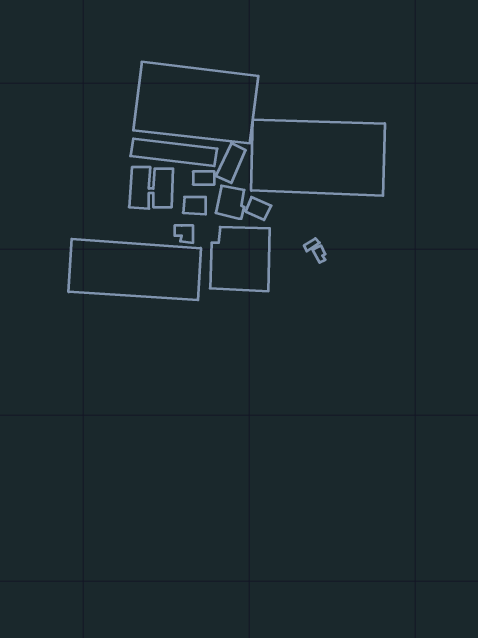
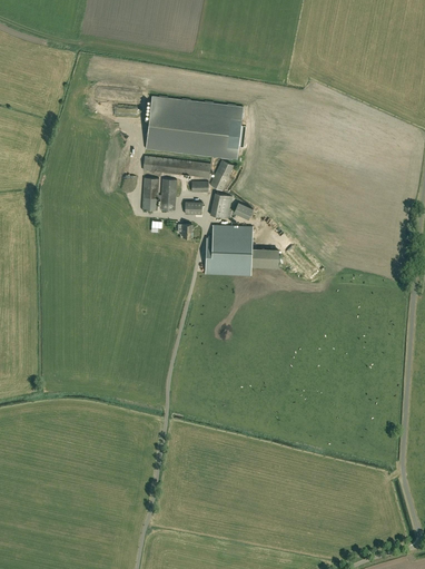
building: [251,120,385,196] -> none
building: [69,239,201,300] -> none
building: none -> [251,248,279,267]

